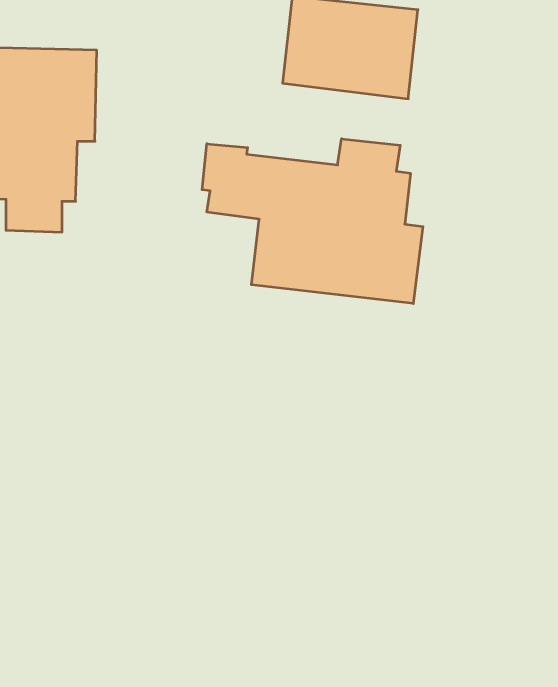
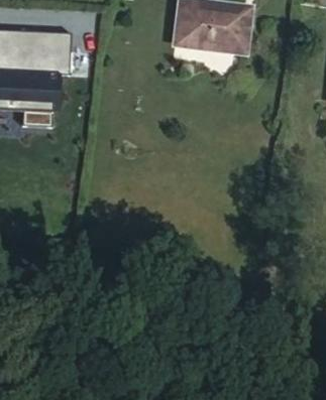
building: [202,139,423,304] -> none

